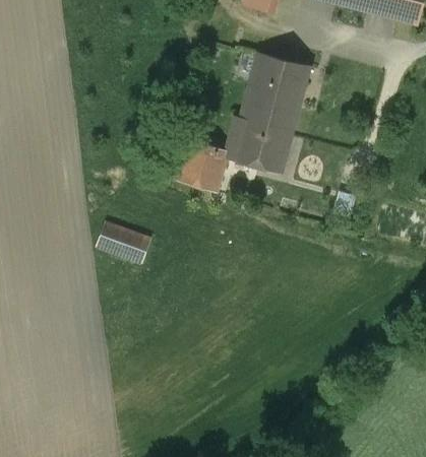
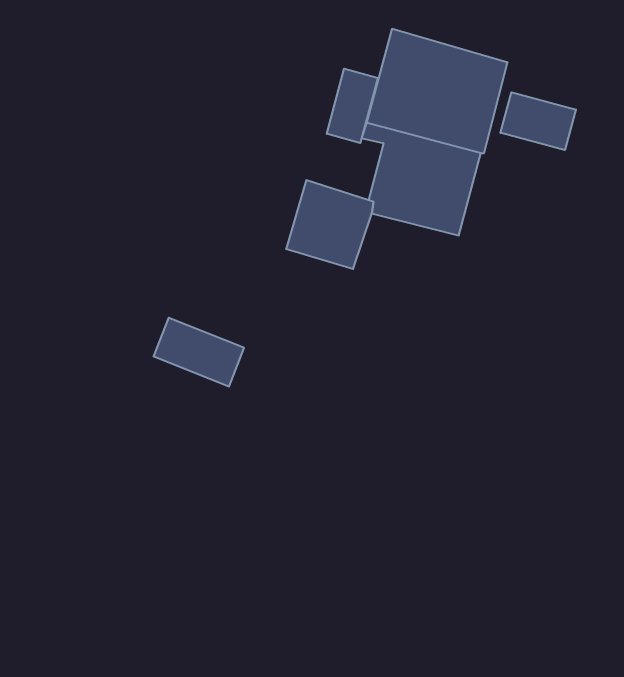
building: none -> [327,69,378,143]
building: none -> [500,92,576,150]

